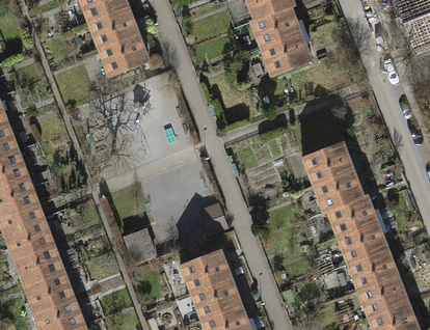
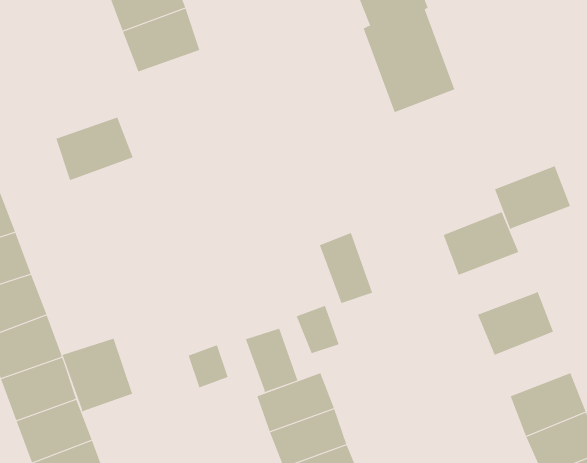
building: [101,35,153,78] -> [55,117,134,181]
building: none -> [319,232,373,304]
building: [314,169,365,212] -> [494,166,571,230]
building: none -> [245,328,298,393]
building: [338,222,388,265] -> none
building: none -> [62,338,133,412]

